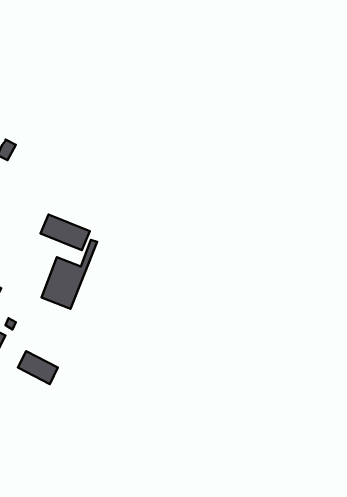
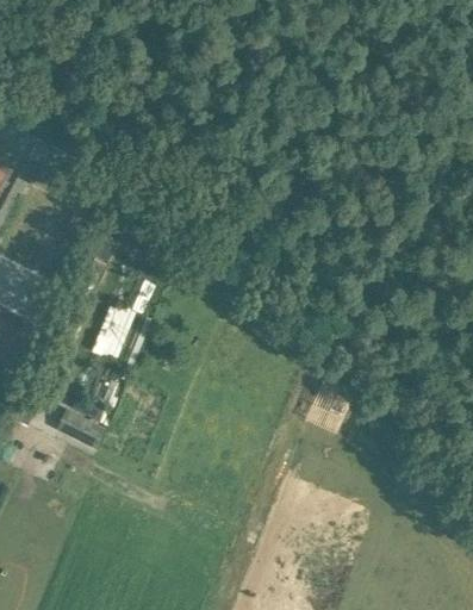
building: [41,215,90,250] -> none

